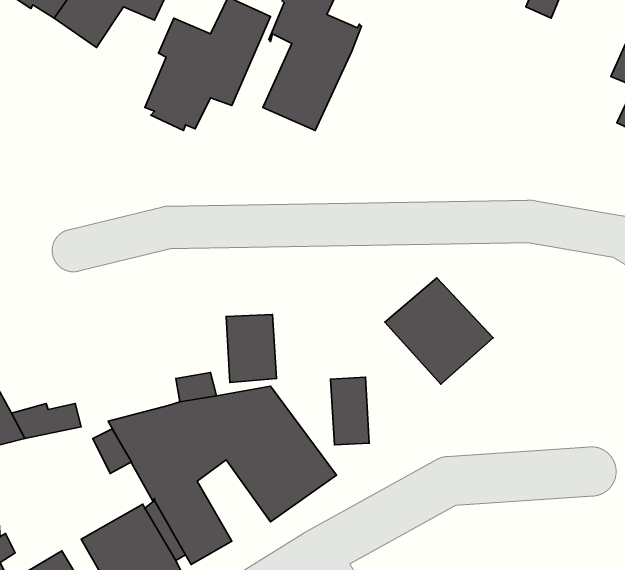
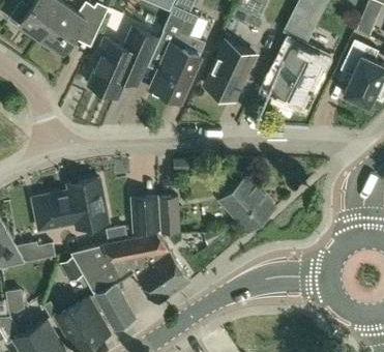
building: none -> [271,39,329,101]
building: none -> [204,41,256,100]
building: none -> [33,179,109,230]
building: [331,377,369,445] -> [159,198,180,234]

